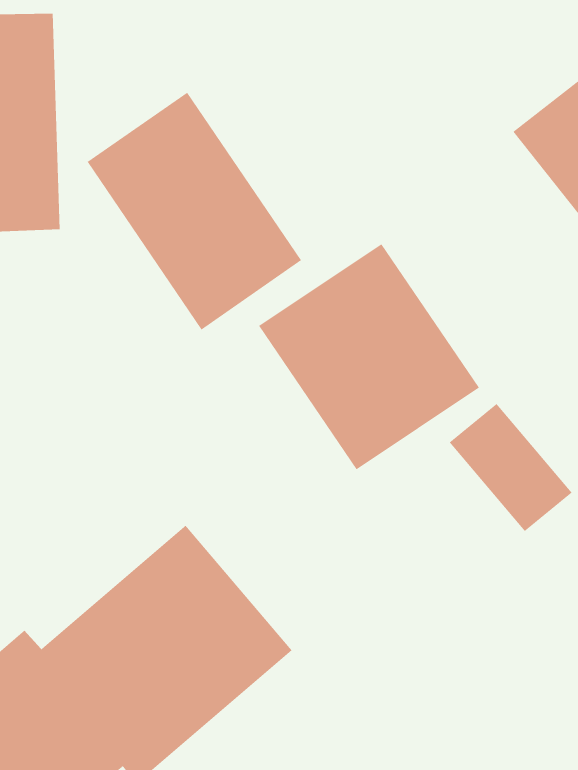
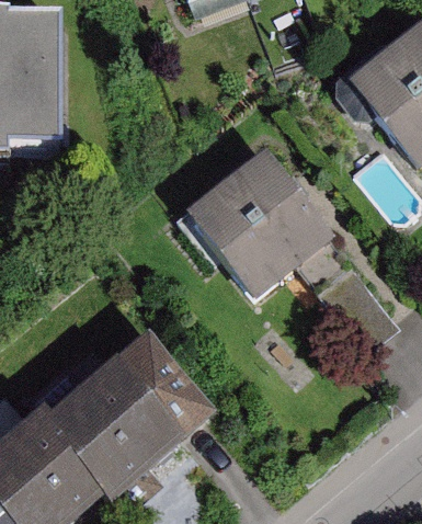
building: [87,92,302,330] -> none

